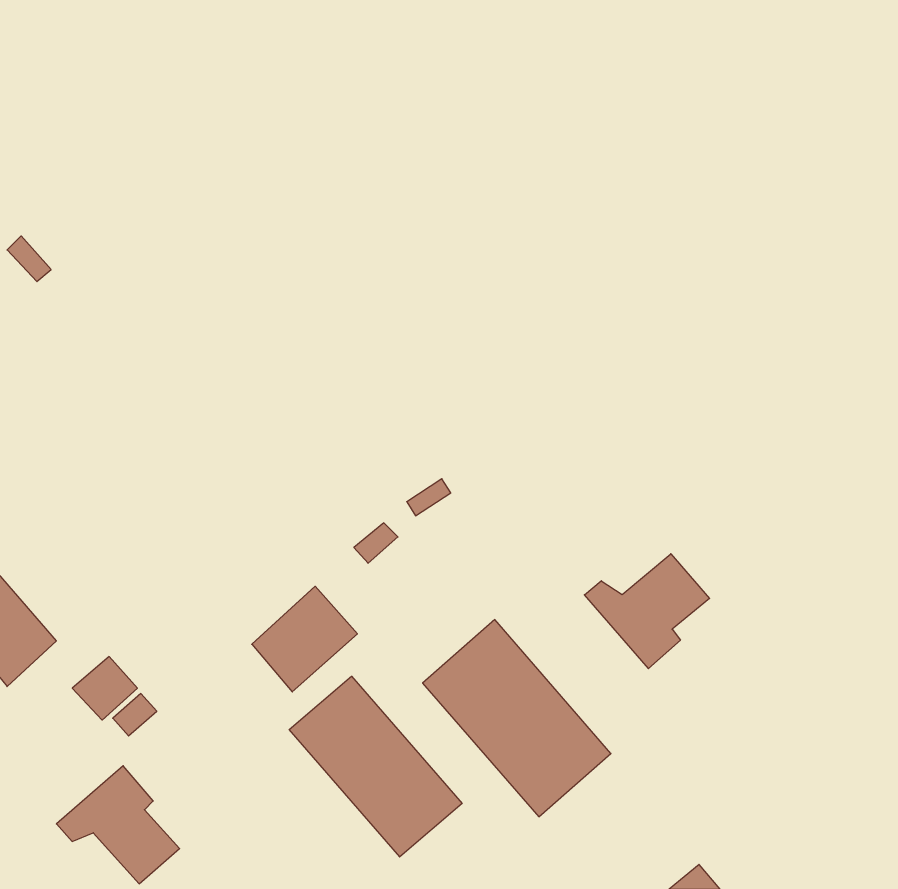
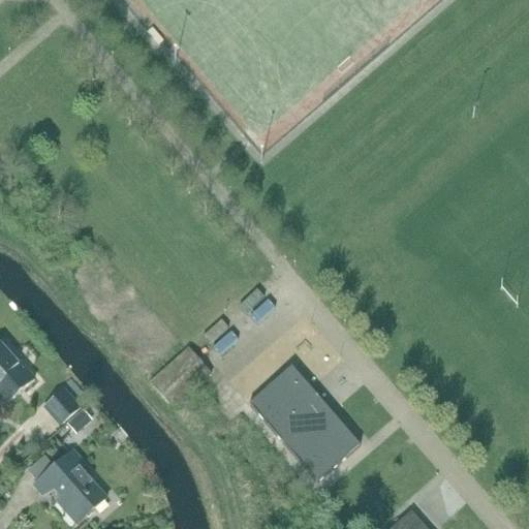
building: [584,554,710,669] -> none
building: [289,676,462,857] -> none

